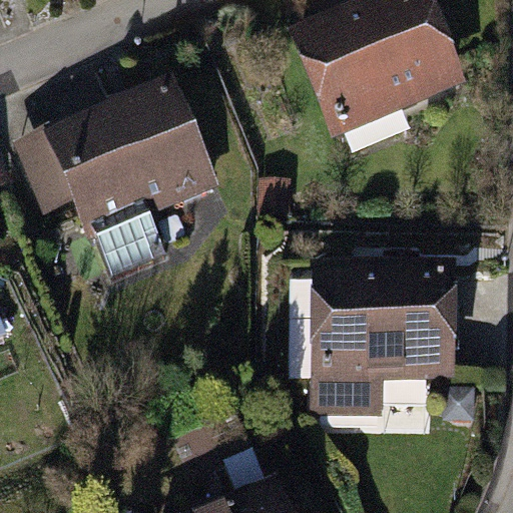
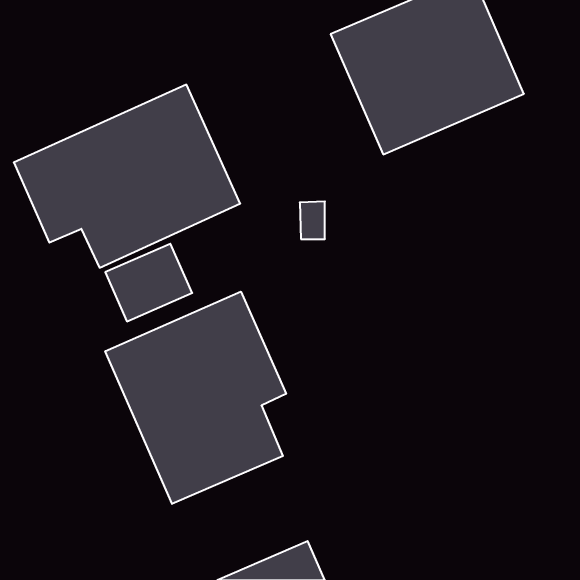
building: none -> [105,292,286,504]
building: [308,259,456,419] -> none

